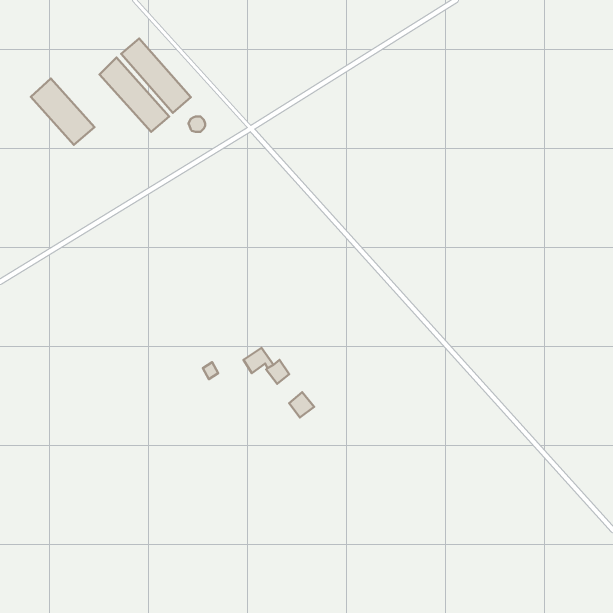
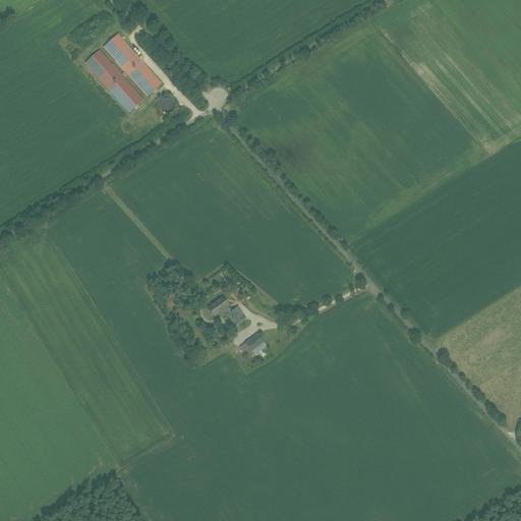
building: [31,78,95,145] -> none

